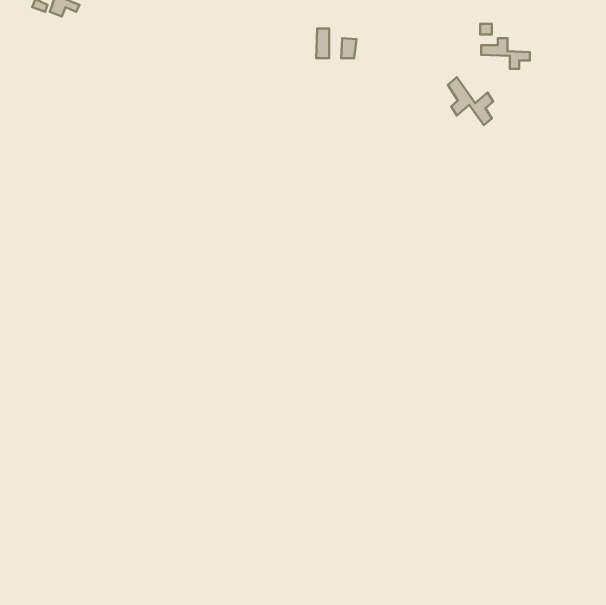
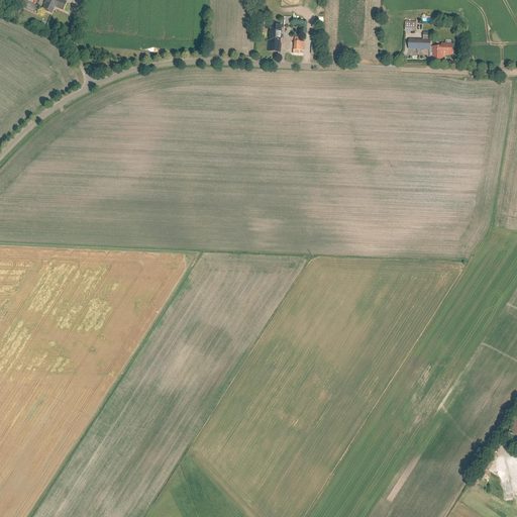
building: [448,77,493,125] -> none

